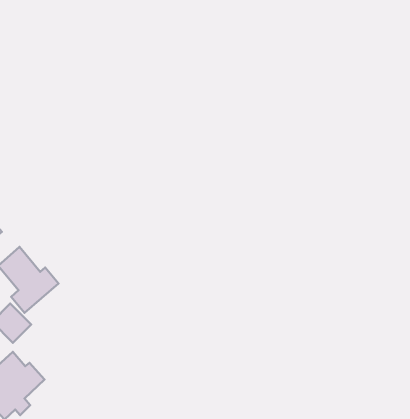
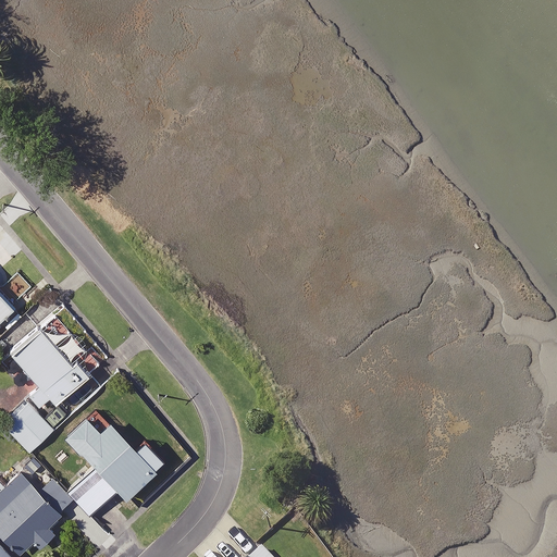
building: none -> [62,417,156,515]

